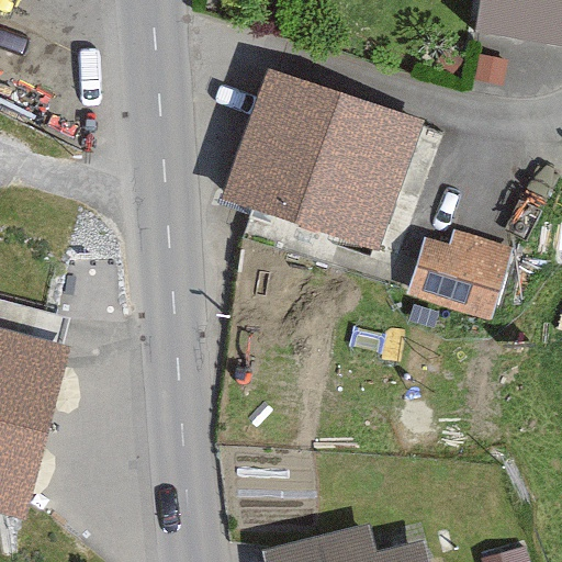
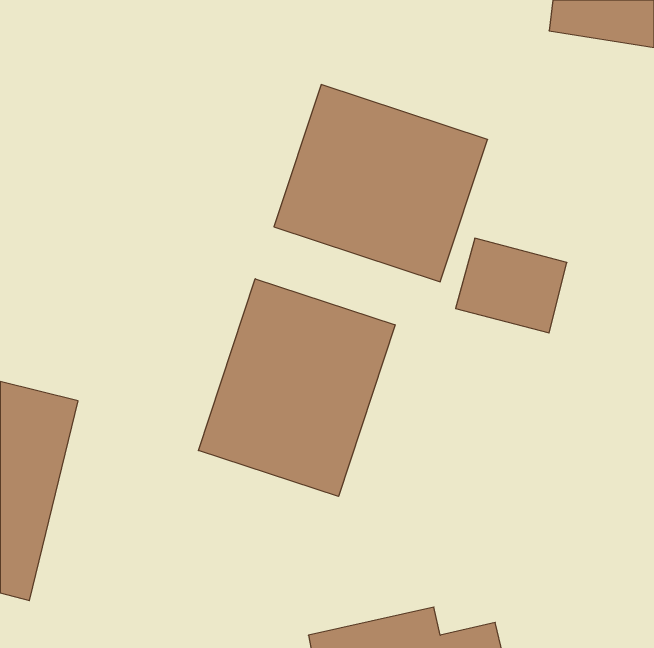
building: none -> [198,279,395,496]

